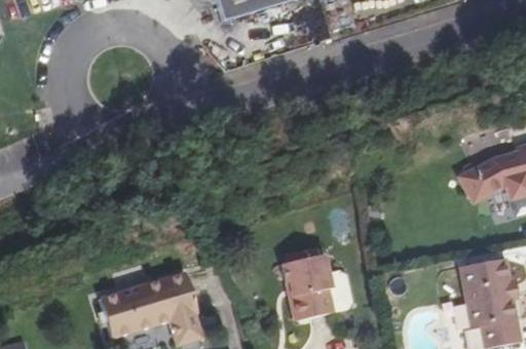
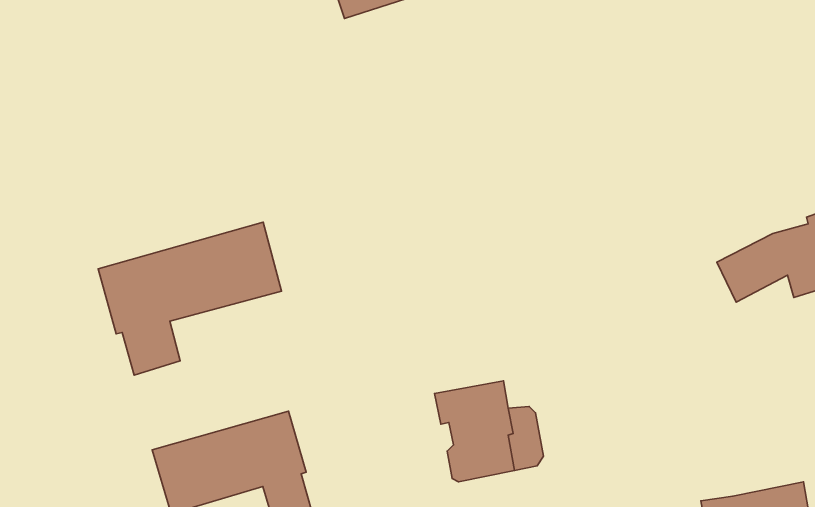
building: none -> [98,222,281,375]
building: [460,258,517,326] -> none

